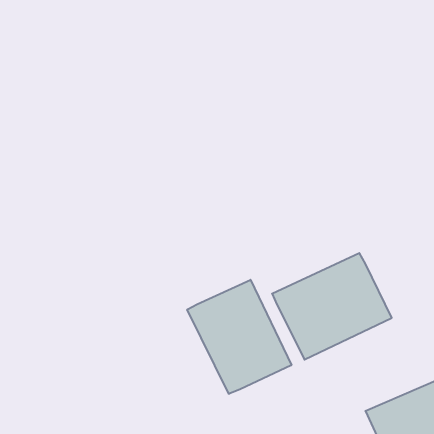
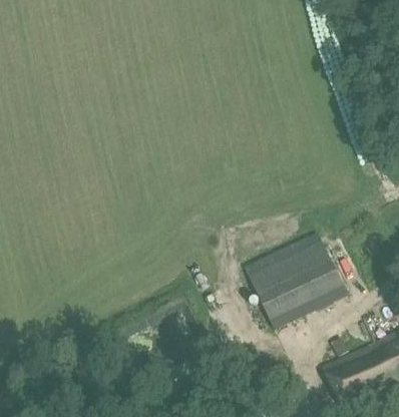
building: [187,280,291,394] -> none

